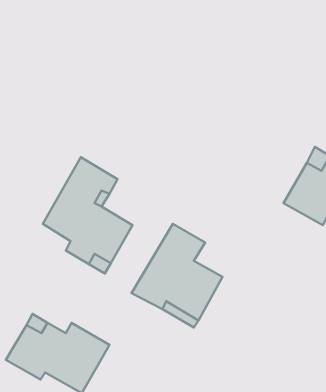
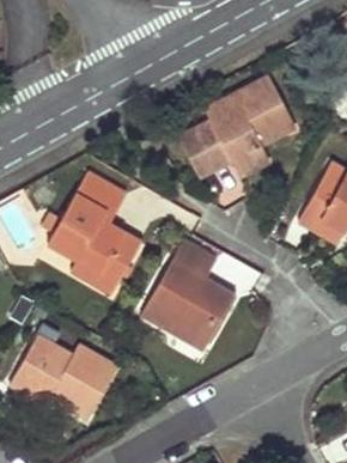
building: none -> [178,77,296,176]

